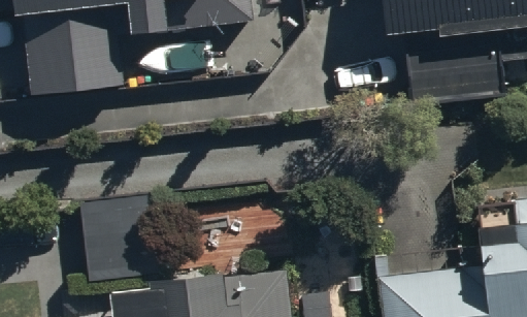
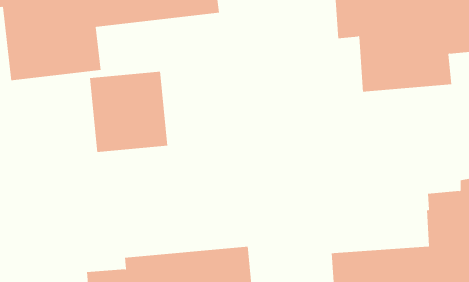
building: [79,191,165,279] -> [89,71,168,152]

